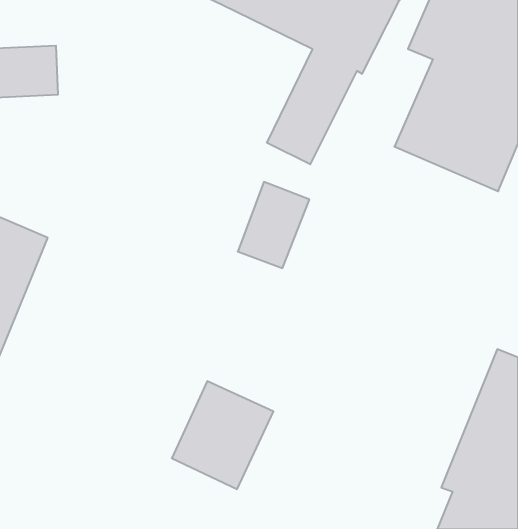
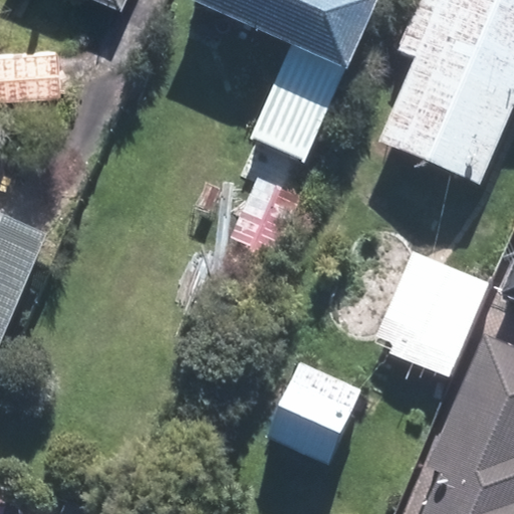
building: none -> [372,251,488,376]
building: [172,381,273,489] -> [266,363,364,468]

